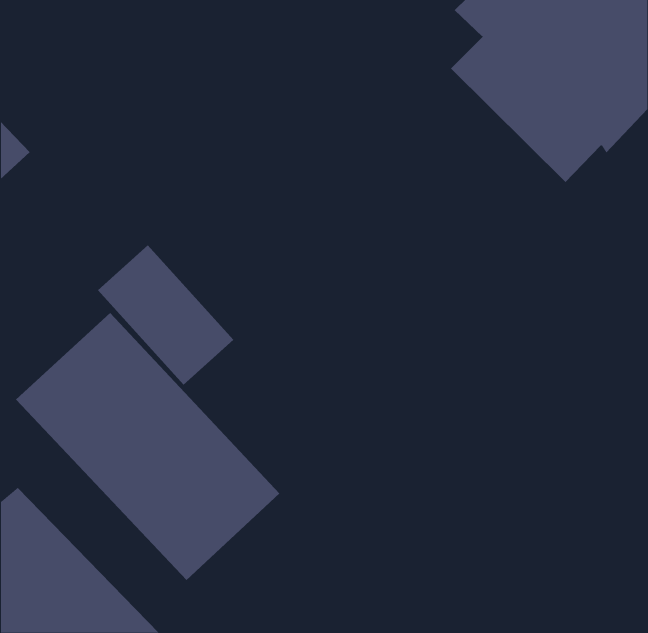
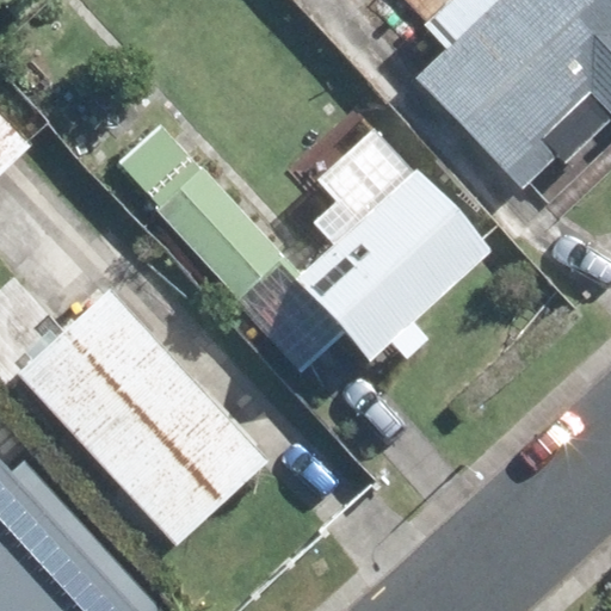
building: none -> [304,158,495,344]
building: [97,245,234,385] -> [153,165,282,297]

